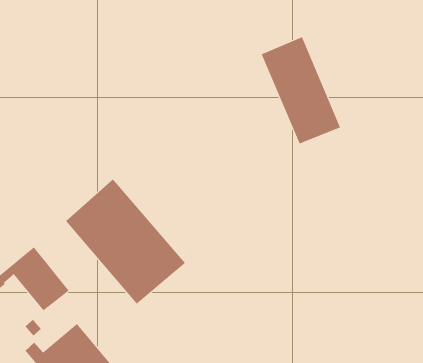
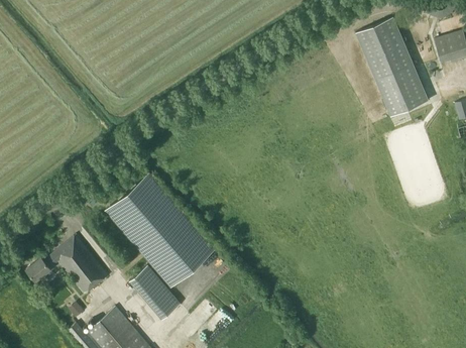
building: [261,37,341,144] -> [356,17,430,116]
building: none -> [129,265,181,320]

